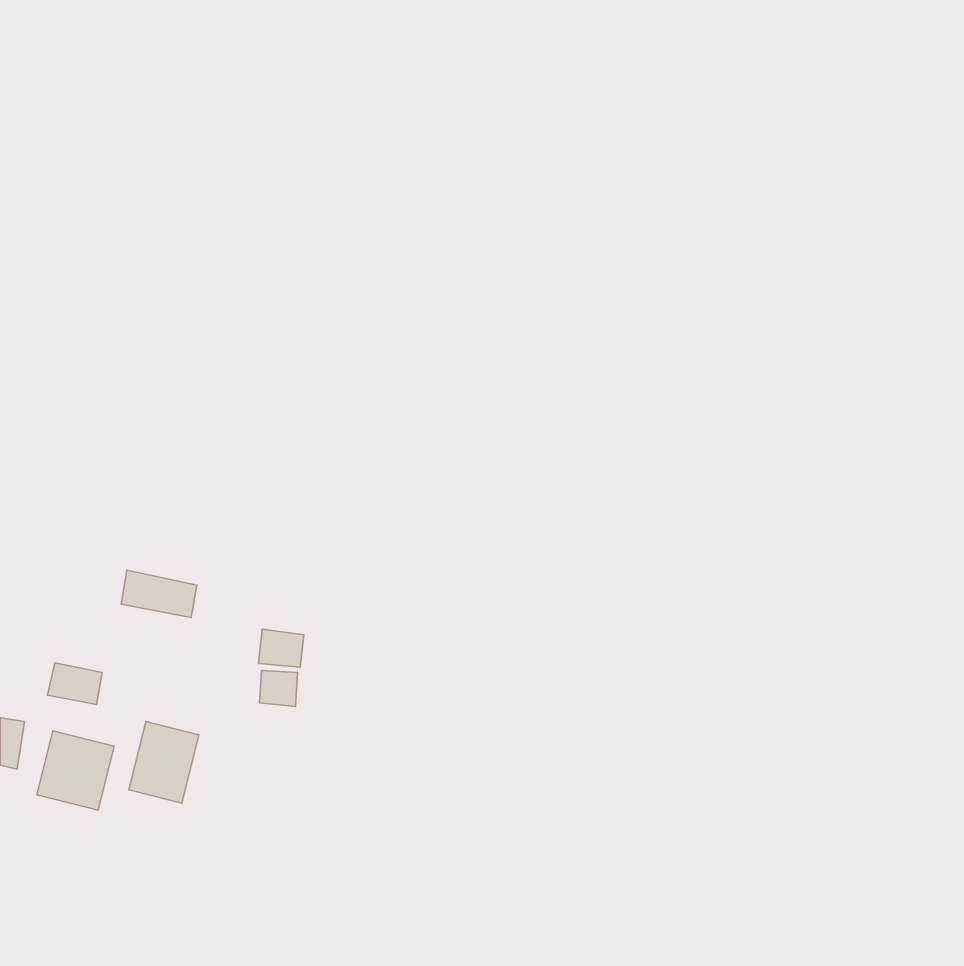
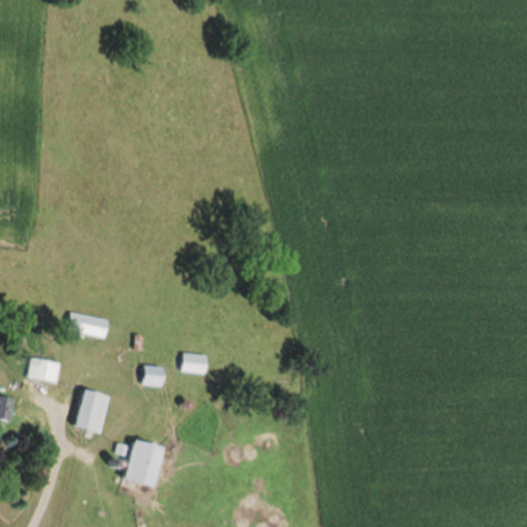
building: [258,629,304,667] -> [182,351,207,372]
building: [37,731,114,810] -> none
building: none -> [122,444,161,490]

